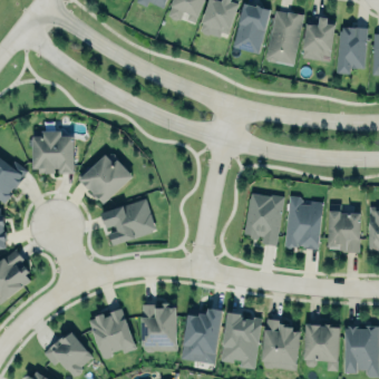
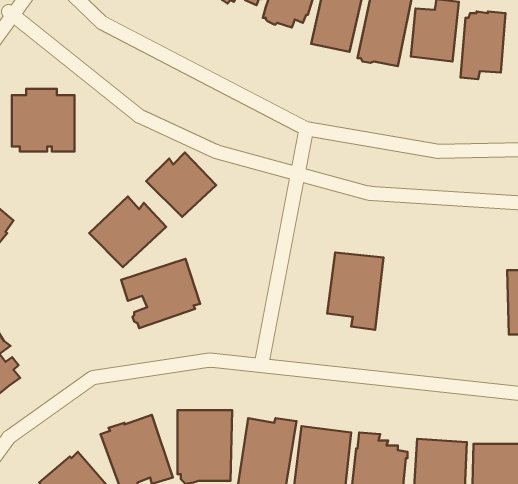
building: none -> [146,152,216,217]
building: [31,130,75,174] -> [12,89,74,151]
building: [284,196,322,252] -> none
building: [329,204,361,253] -> none

